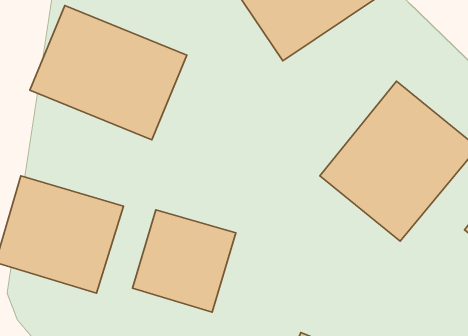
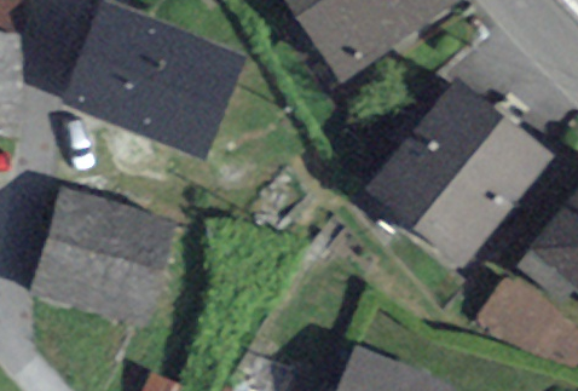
building: [132,210,236,312] -> none

